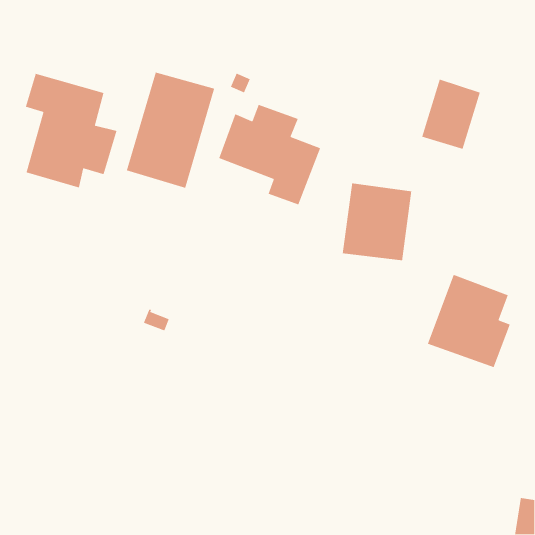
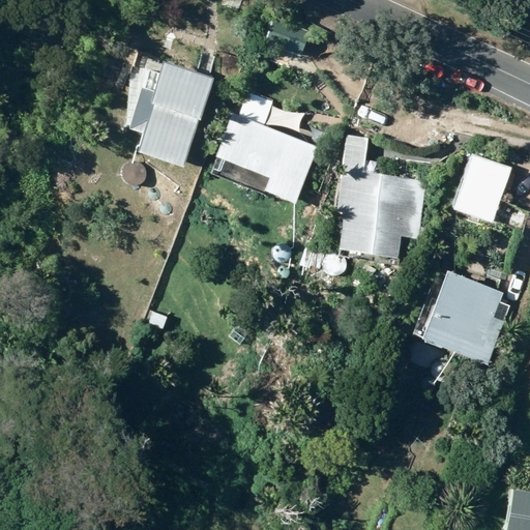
building: [25,73,118,188] -> none
building: [421,79,481,150] -> [452,152,511,223]

